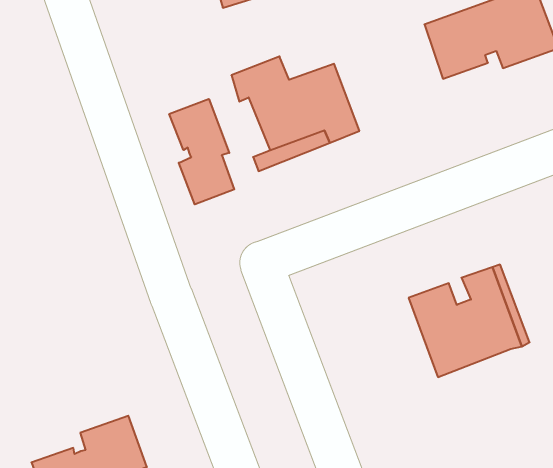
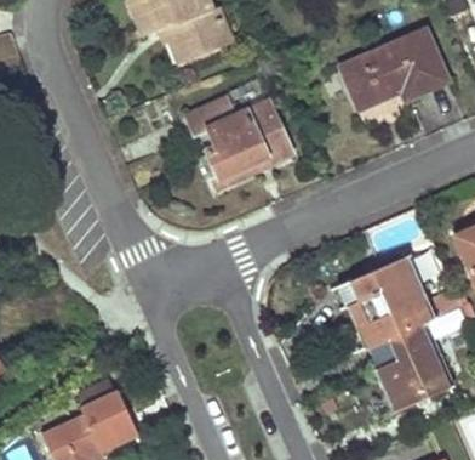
building: [169,99,234,204] -> none
building: none -> [366,322,451,411]

